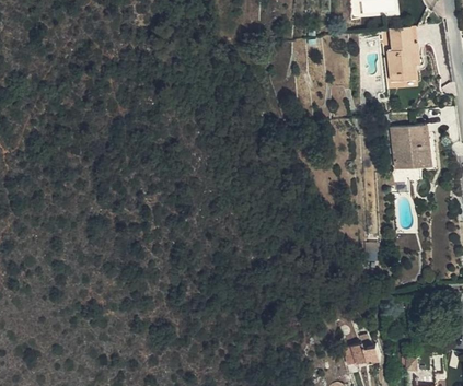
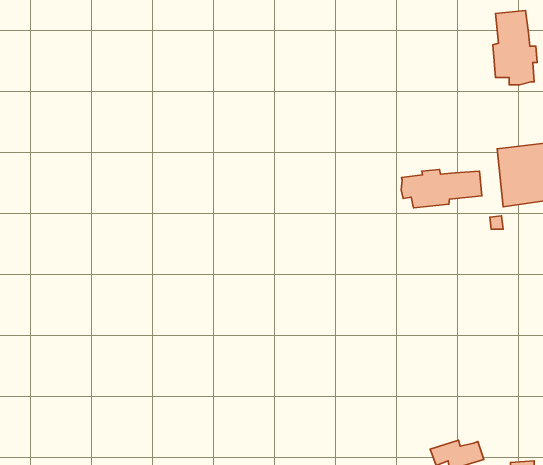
building: none -> [401,169,482,208]

